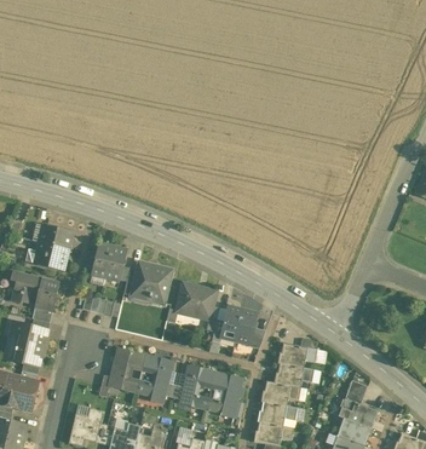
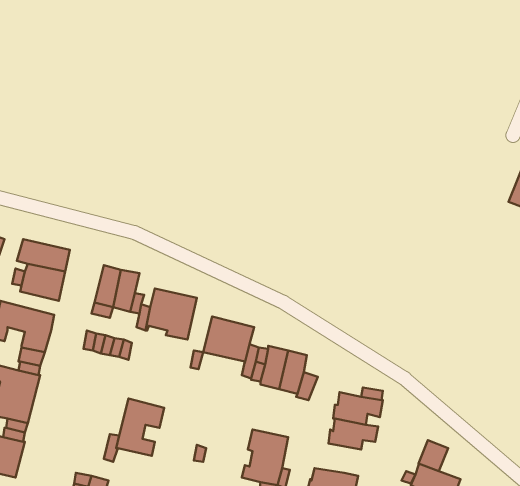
building: [137,355,173,398] -> none
building: [179,365,215,409] -> none
building: [261,381,300,405] -> none

